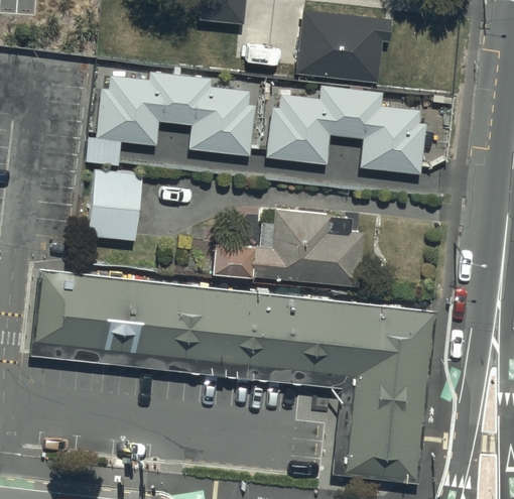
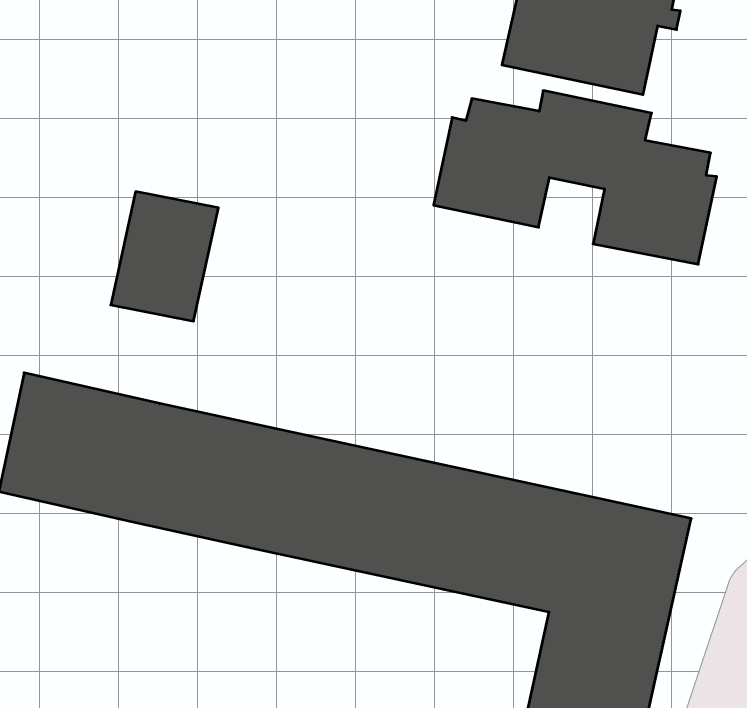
building: [84,69,255,165] -> none
building: [213,207,362,283] -> none

